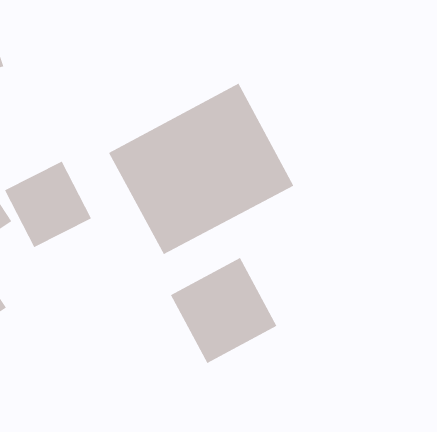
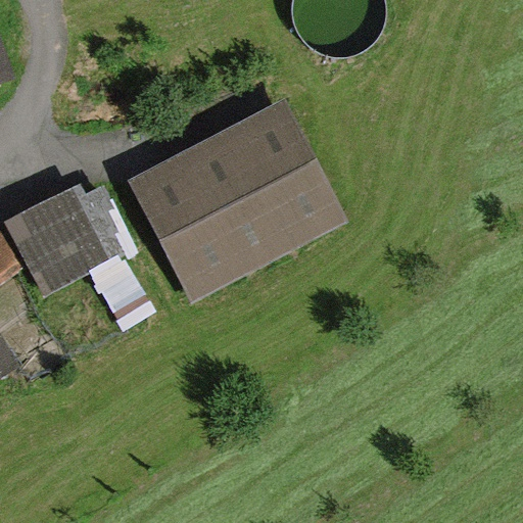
building: [170,257,277,364] -> none

